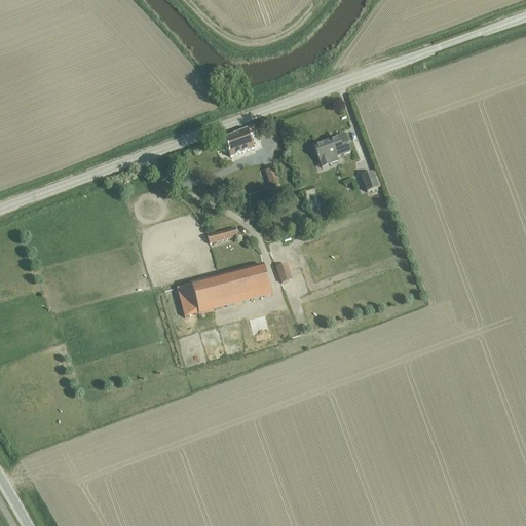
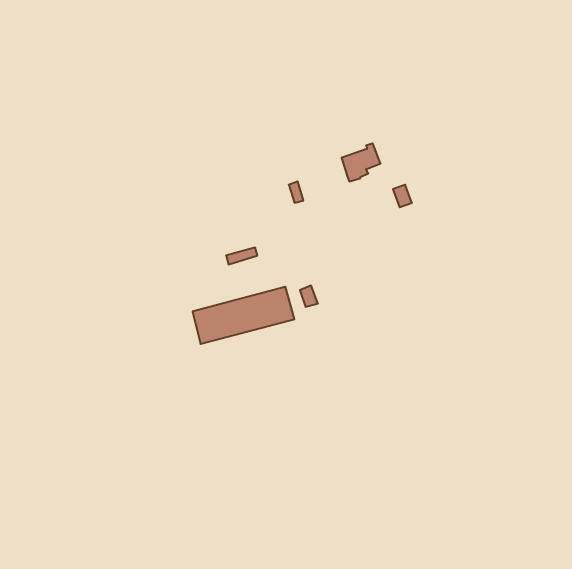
building: [219,125,256,155] -> none

